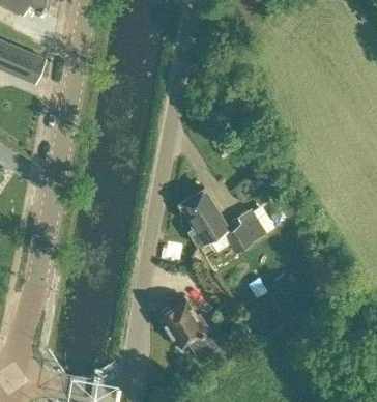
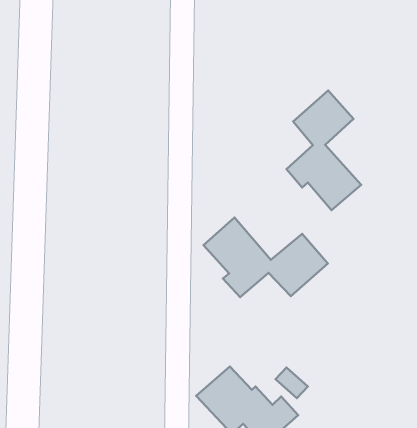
building: none -> [287,91,361,210]

